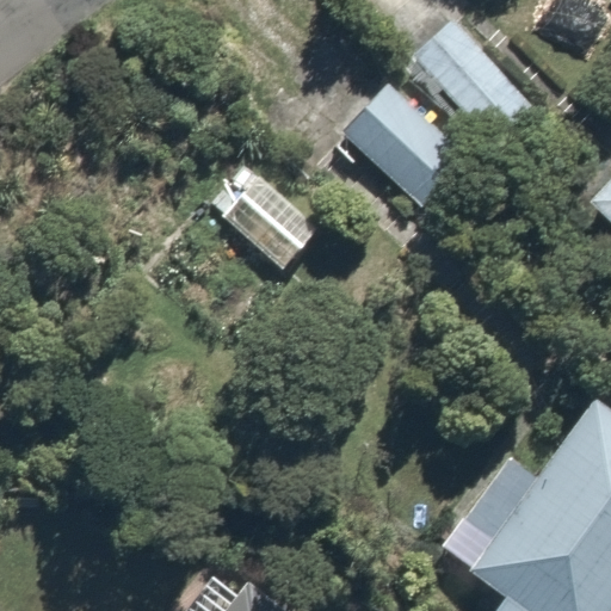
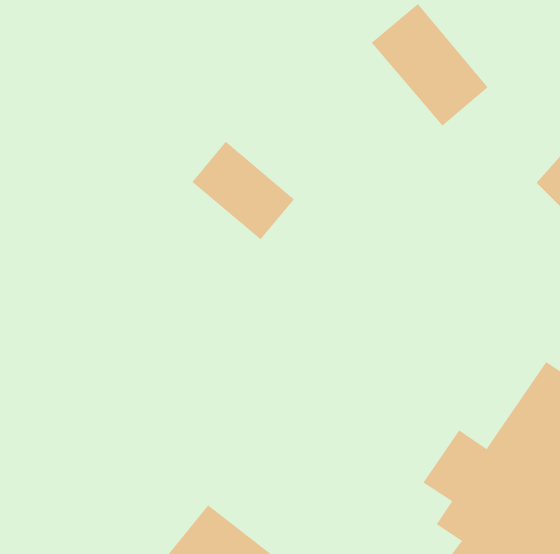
building: [331,85,467,212] -> none

